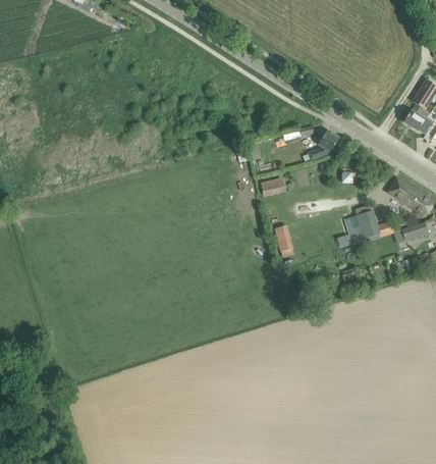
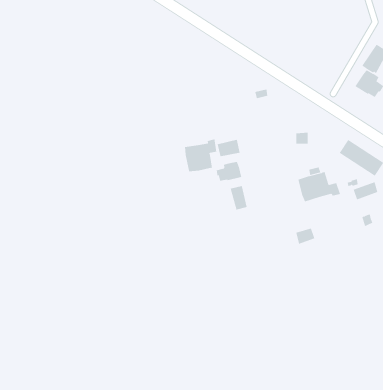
building: [308,131,339,160] -> none
building: none -> [184,139,217,172]
building: none -> [216,161,242,182]

